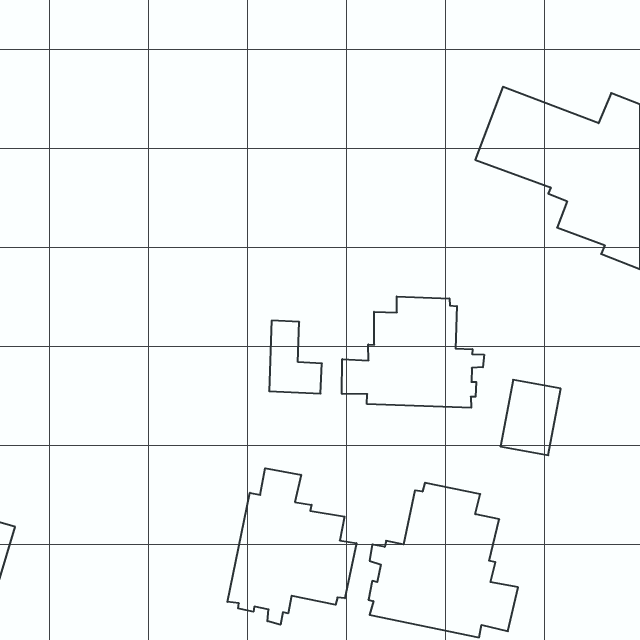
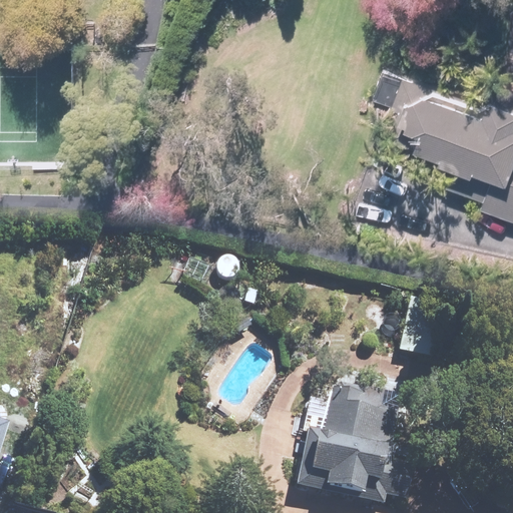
building: [342,296,484,408] -> none
building: [227,468,356,625] -> none

